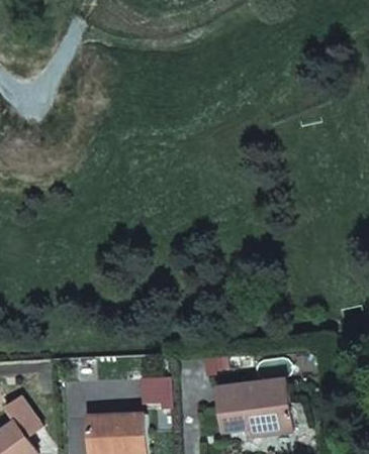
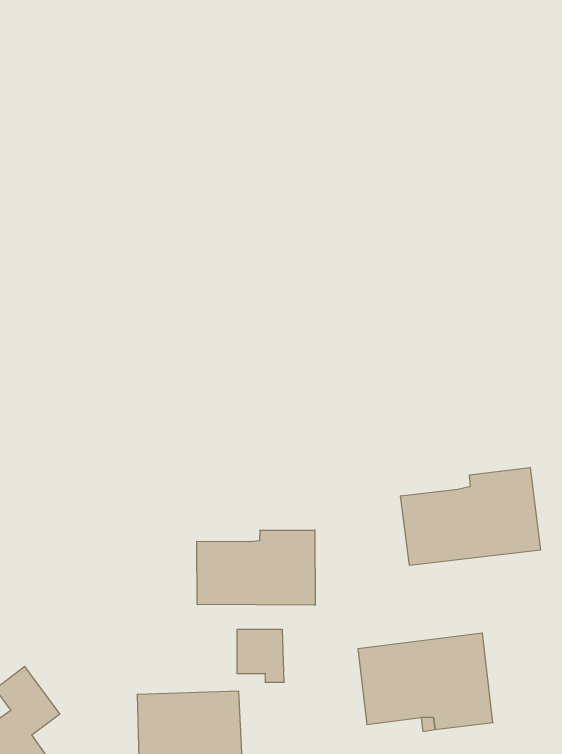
building: none -> [401,467,541,565]
building: none -> [197,530,315,605]

